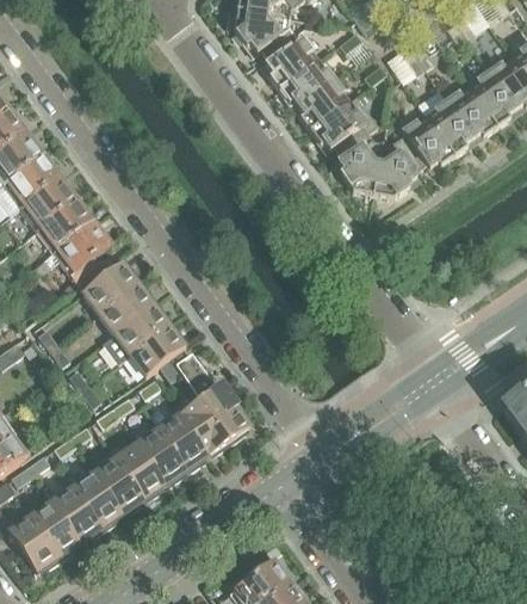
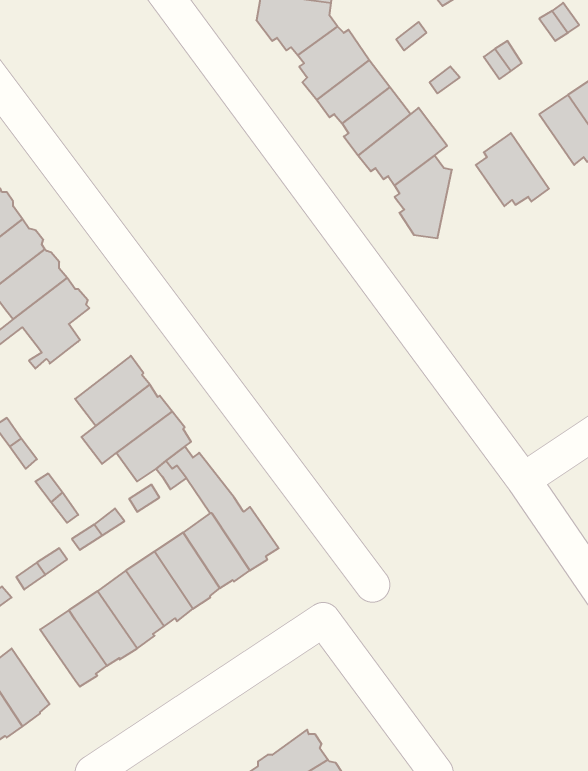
building: [424,98,472,154] -> none
building: [370,136,420,196] -> none
building: [82,260,140,312] -> none
building: [50,485,101,541] -> none

